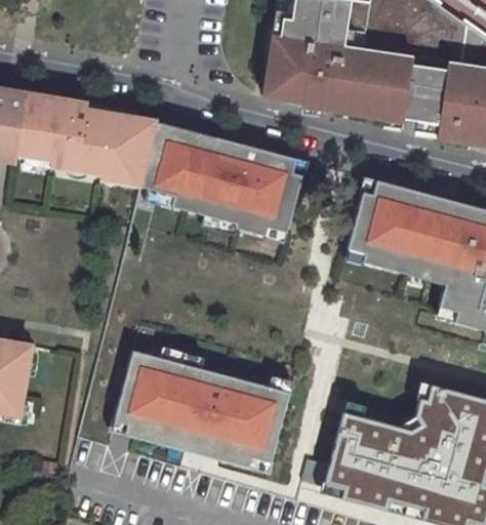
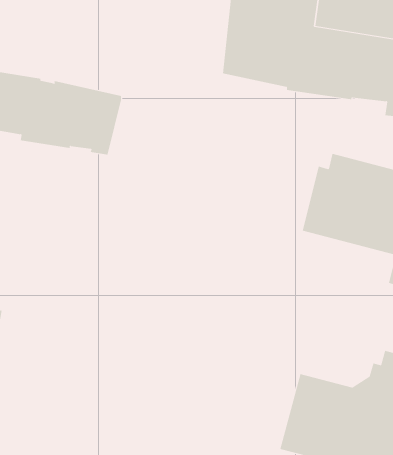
building: [141,123,303,245] -> none
building: [112,351,292,474] -> none

